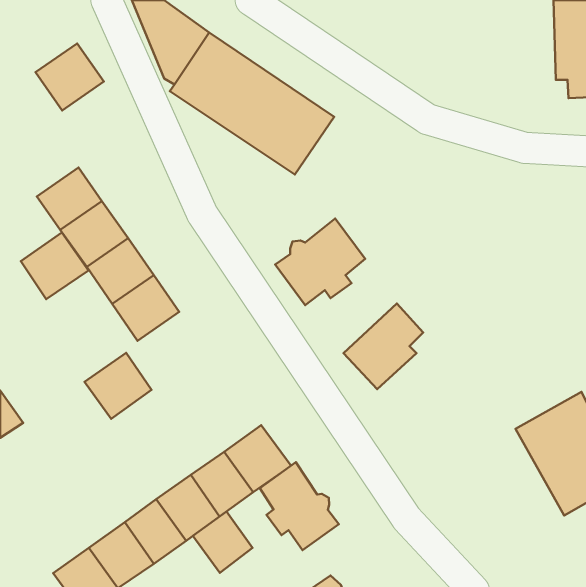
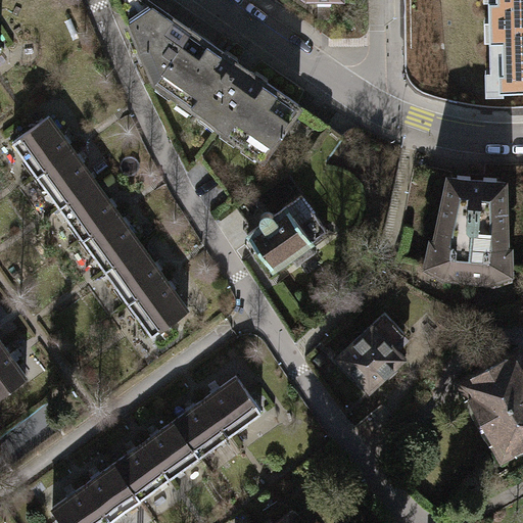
building: [36,43,104,110] -> [13,117,74,177]
building: none -> [430,175,510,283]
building: [21,233,88,299] -> none
building: [344,304,423,389] -> [339,315,410,390]
building: [85,353,152,419] -> [126,279,185,337]
building: [260,462,339,550] -> none
building: [193,511,253,573] -> none

